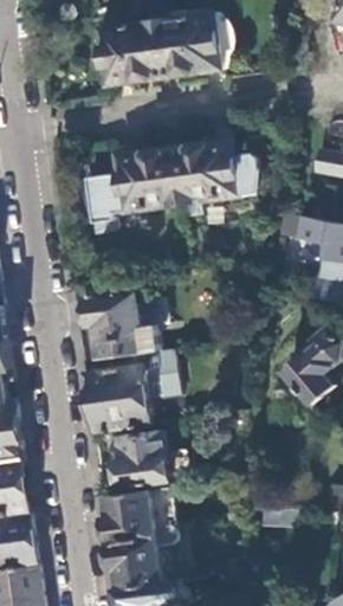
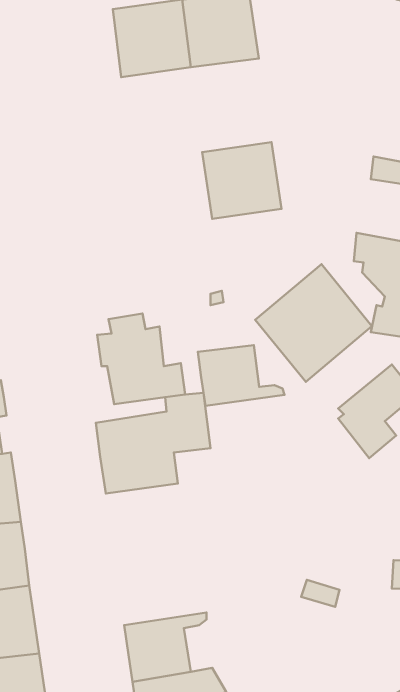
building: [85,149,180,232] -> none
building: none -> [255,264,372,382]
building: none -> [198,345,284,406]
building: [109,432,168,489] -> none
building: [99,488,175,544] -> none

